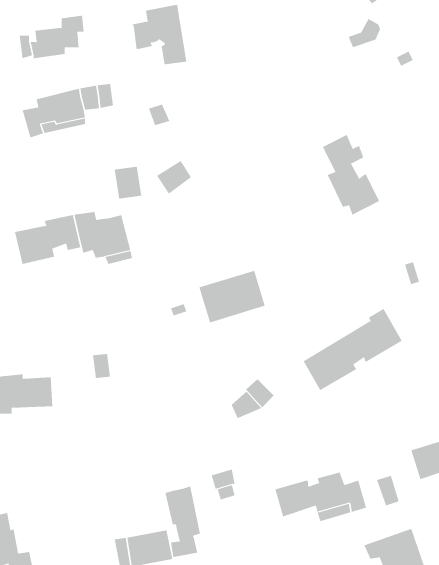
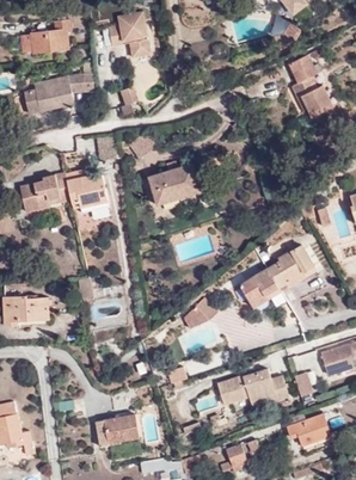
building: [322,134,380,215] -> [288,55,332,117]
building: [199,270,266,323] -> [148,164,200,204]
building: [165,485,200,558] -> none

